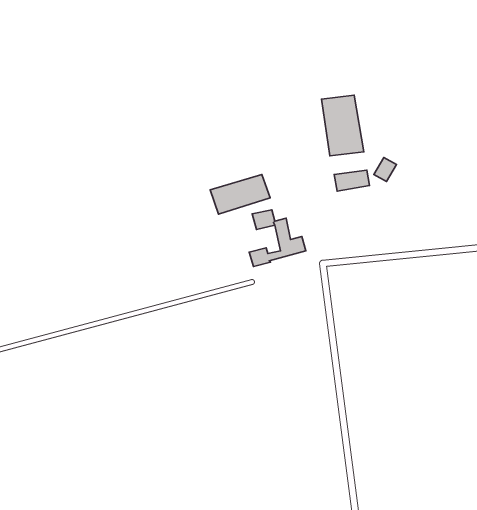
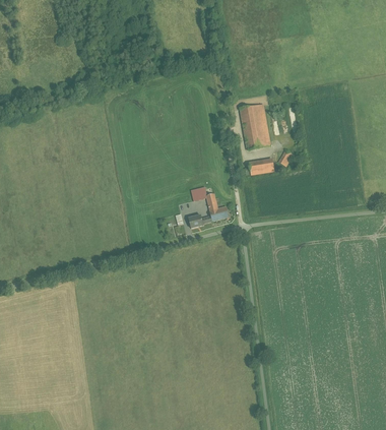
building: [210,174,270,214] -> none

